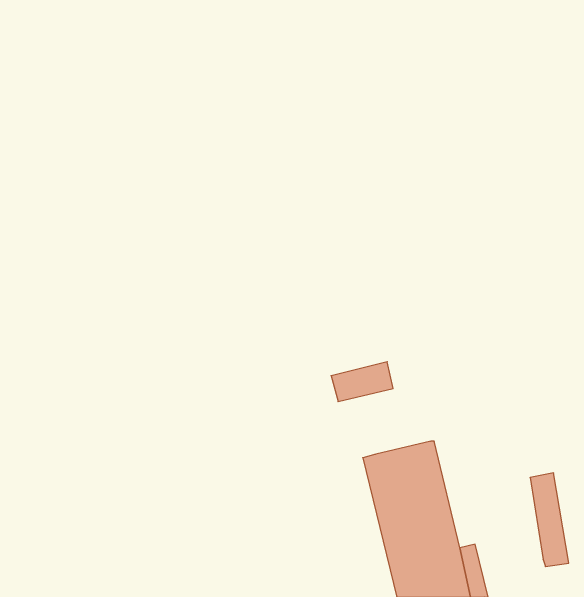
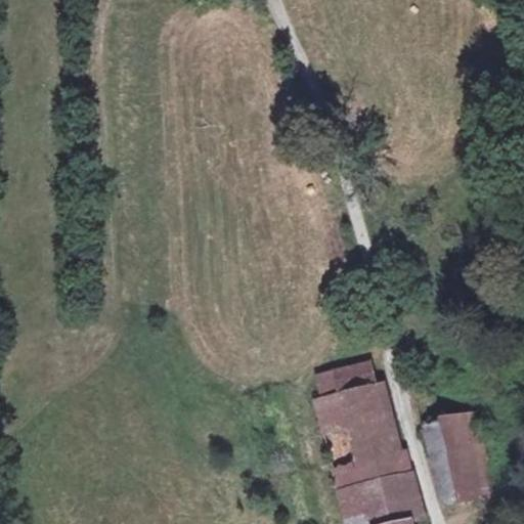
building: [331,362,393,402] -> [322,362,377,397]
building: none -> [429,413,475,494]

